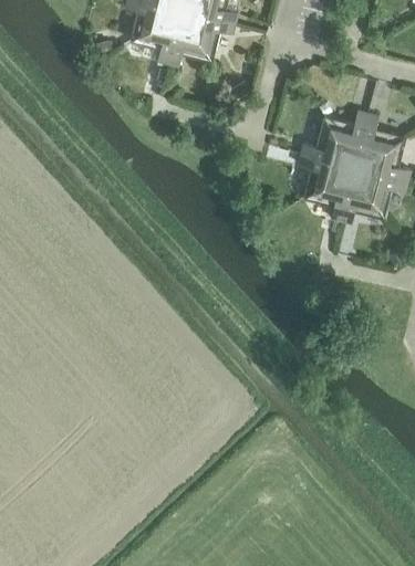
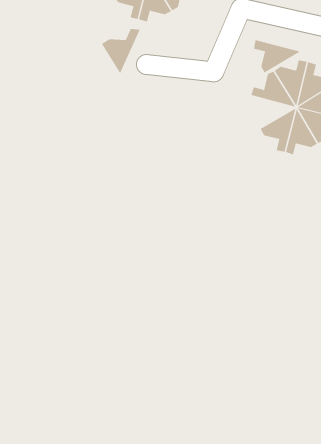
building: none -> [101,28,140,74]
building: [298,150,354,190] -> [253,39,301,73]

